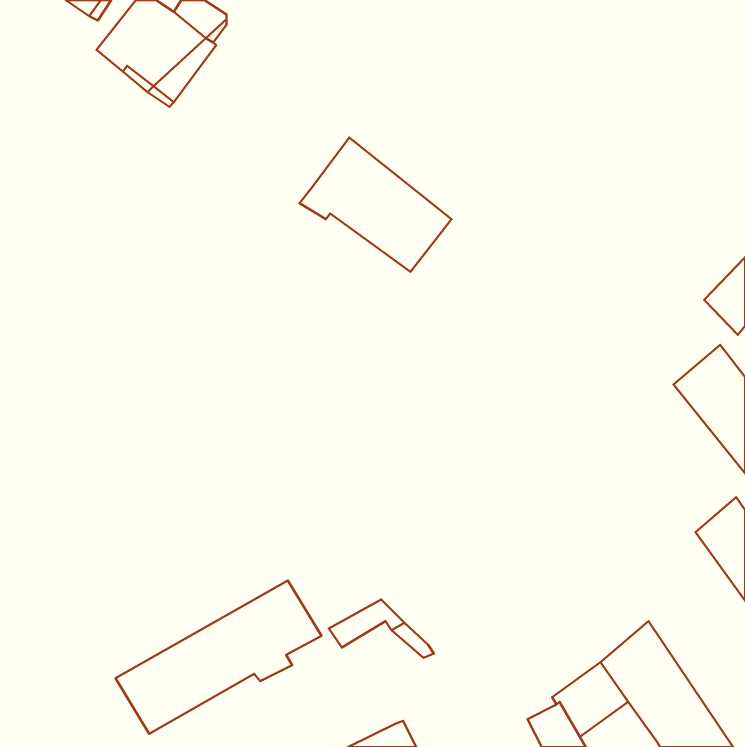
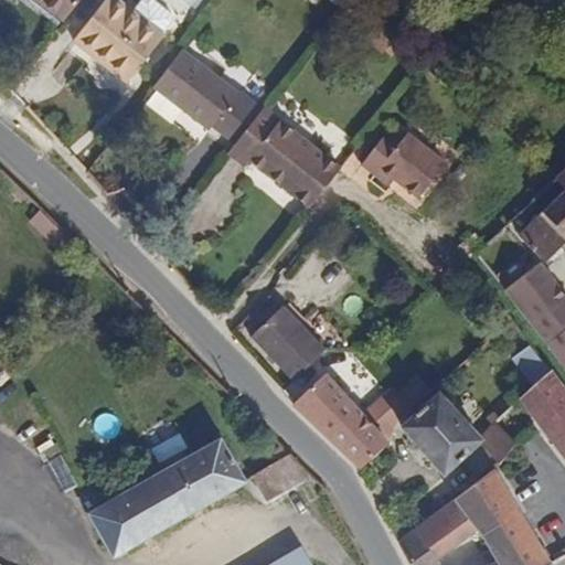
building: none -> [152,50,262,143]
building: none -> [360,130,446,196]
building: none -> [254,302,333,377]
building: none -> [298,374,415,473]
building: none -> [408,392,489,473]

